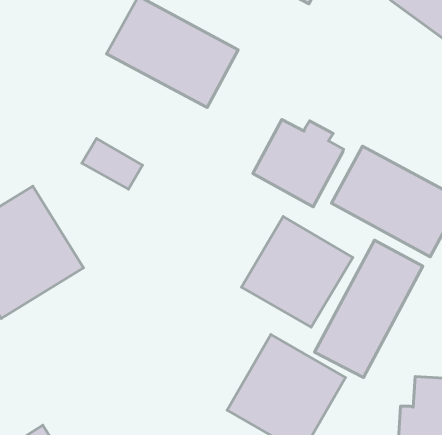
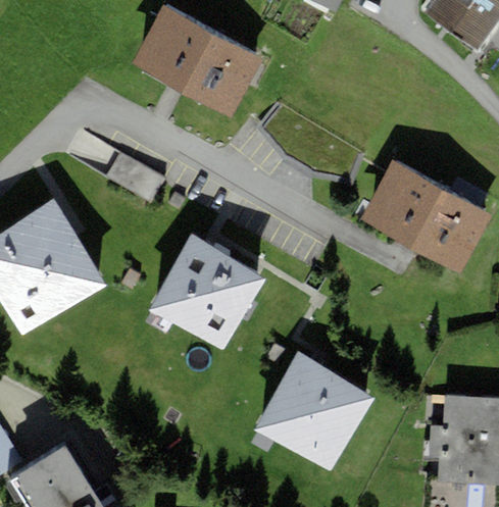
building: [253,119,343,207] -> none
building: [241,217,353,327] -> [150,236,264,349]
building: [315,240,423,377] -> none

